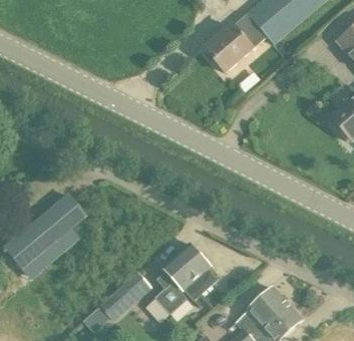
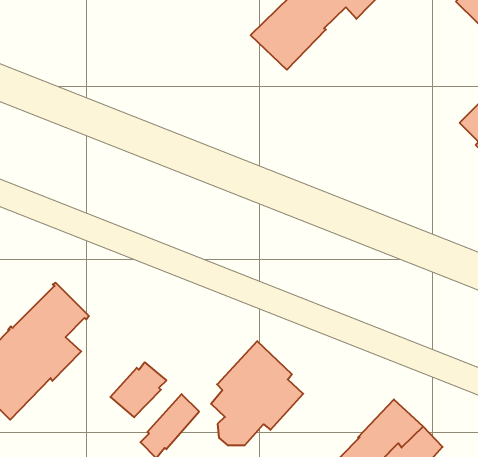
building: none -> [110,362,166,417]

